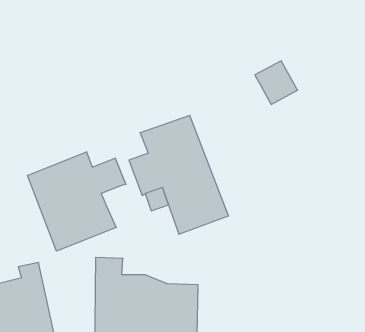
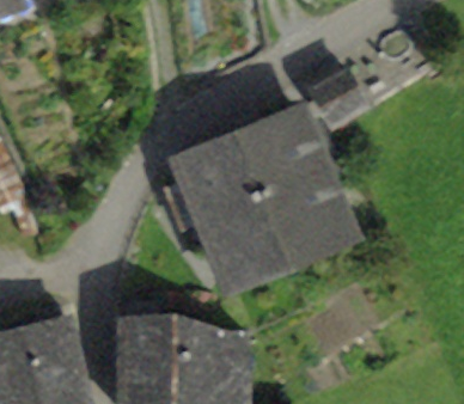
building: none -> [242,115,346,258]
building: [28,152,126,251] -> none

